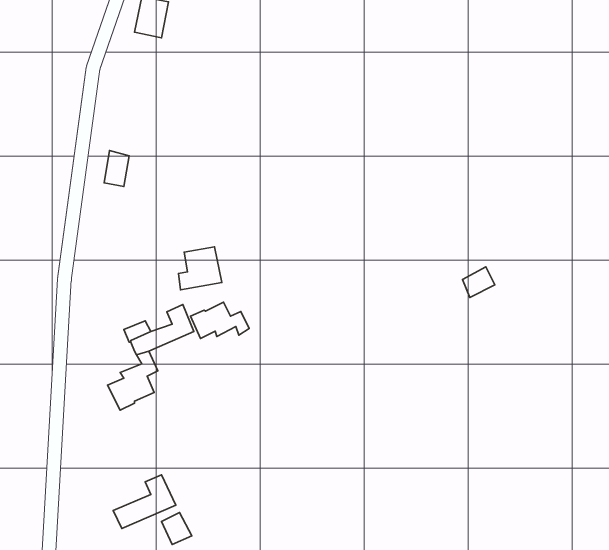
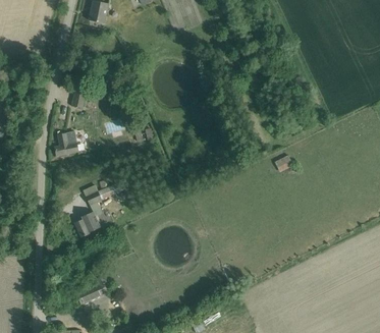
building: [179,247,222,290] -> [54,131,78,156]
building: [191,302,249,338] -> none

